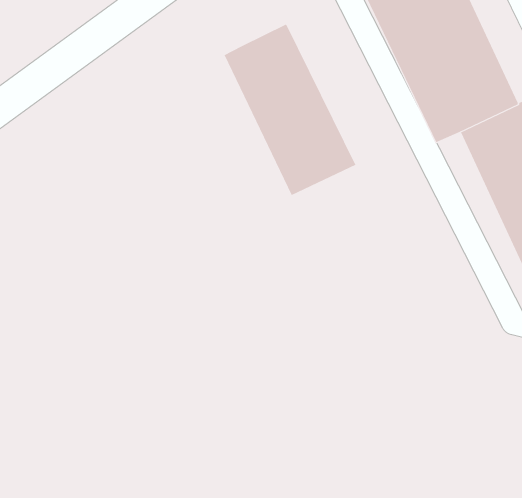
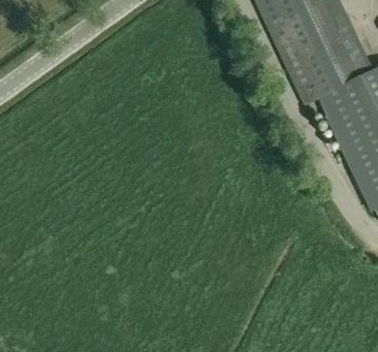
building: [224,24,356,196] -> none

